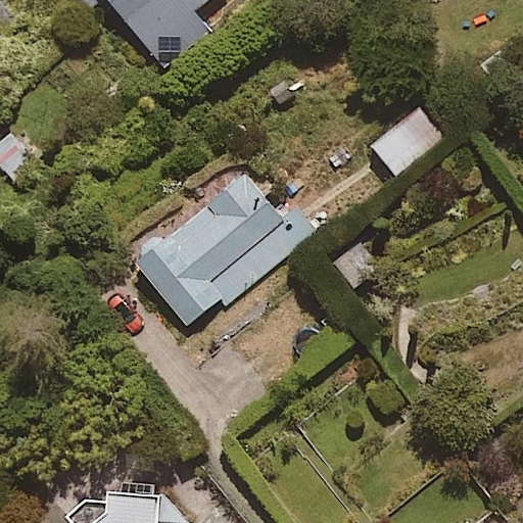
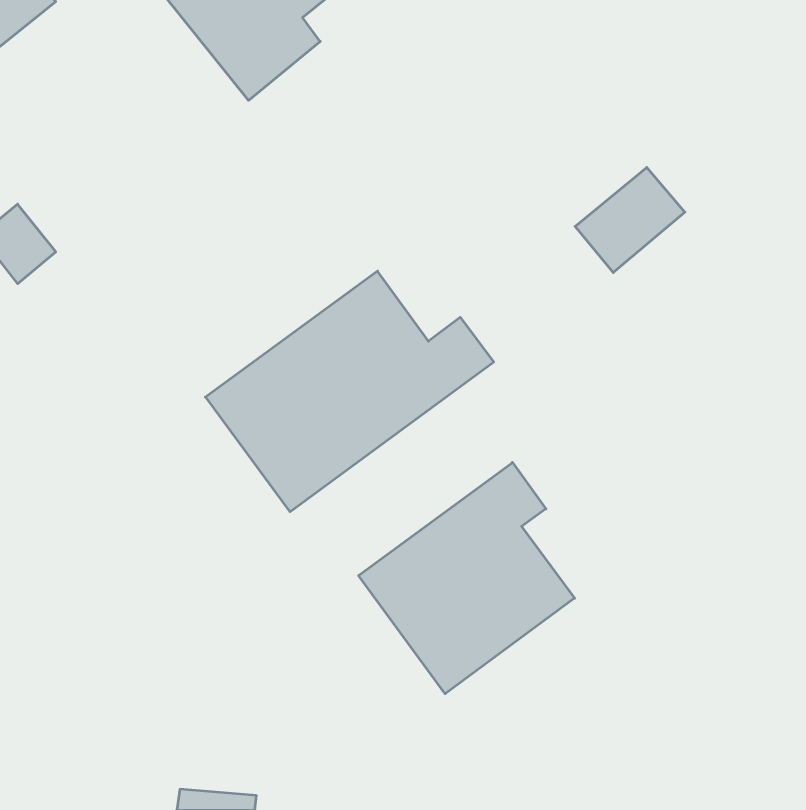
building: none -> [359,462,575,694]

